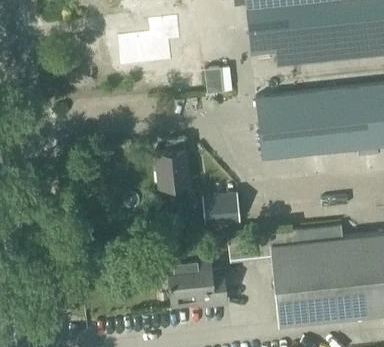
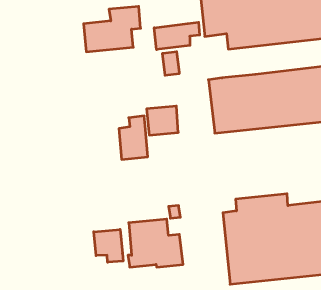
building: none -> [154,22,200,50]
building: [201,192,236,224] -> [147,106,178,135]
building: none -> [94,229,123,262]

